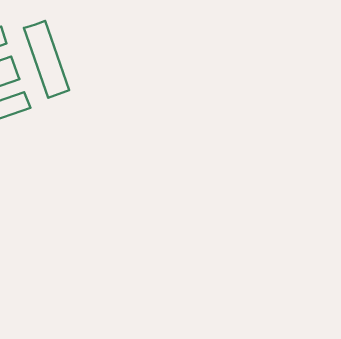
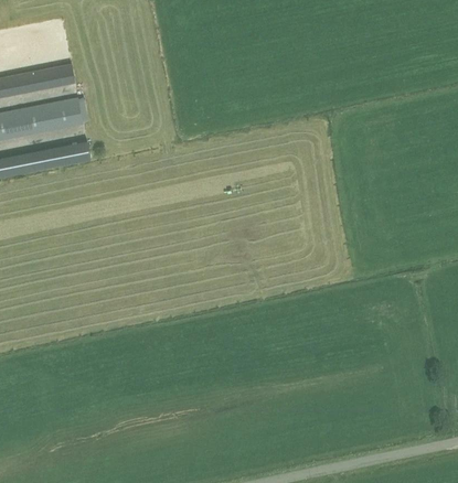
building: [24,21,69,98] -> none

